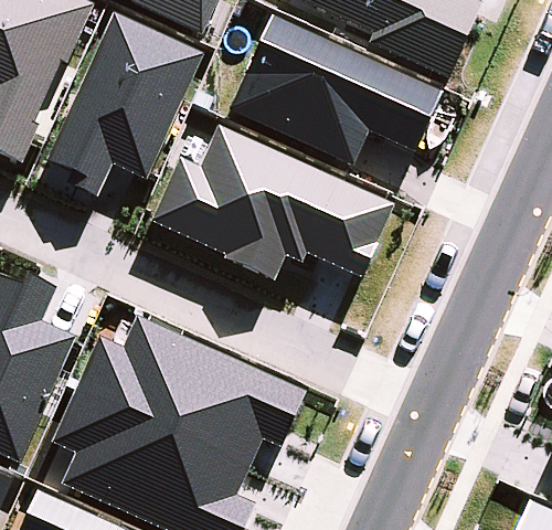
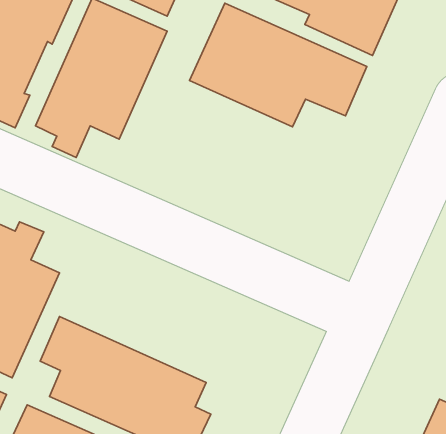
building: [150,124,394,283] -> none
building: [74,316,304,467] -> none

